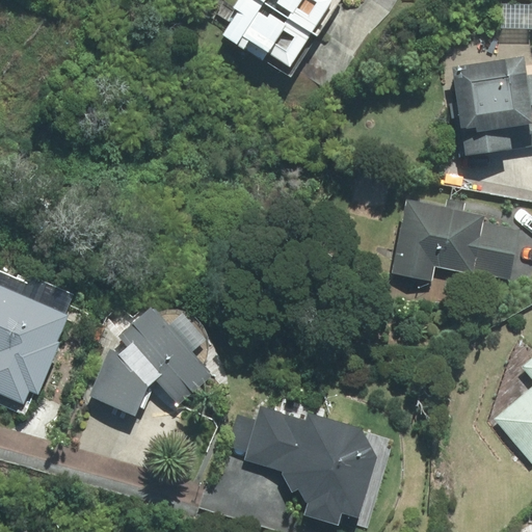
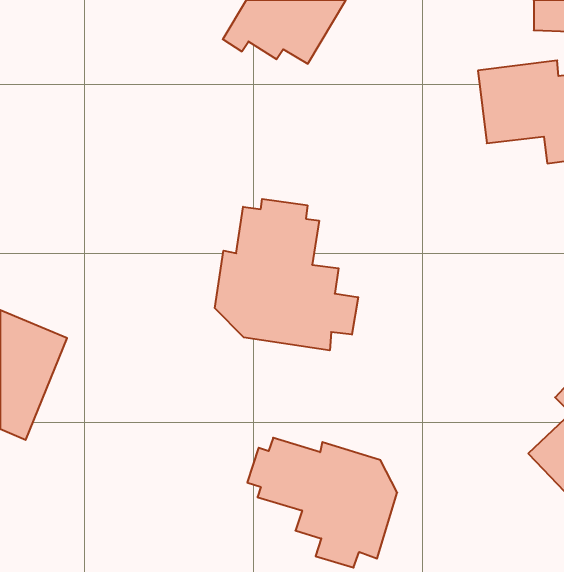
building: none -> [215,199,358,350]
building: [391,196,523,281] -> none
building: [92,310,212,411] -> none

